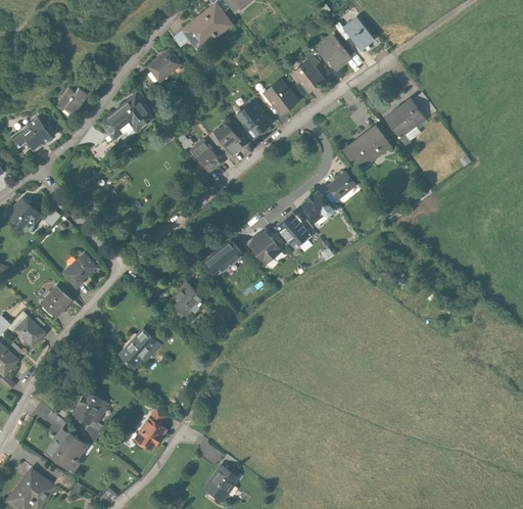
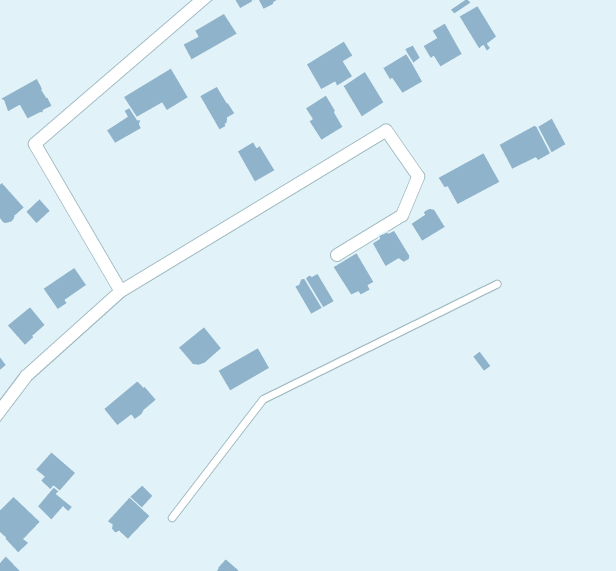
building: none -> [306,41,353,90]
building: [58,87,87,111] -> none
building: [212,121,241,153] -> [199,86,235,130]
building: [203,242,242,278] -> [218,347,270,391]

